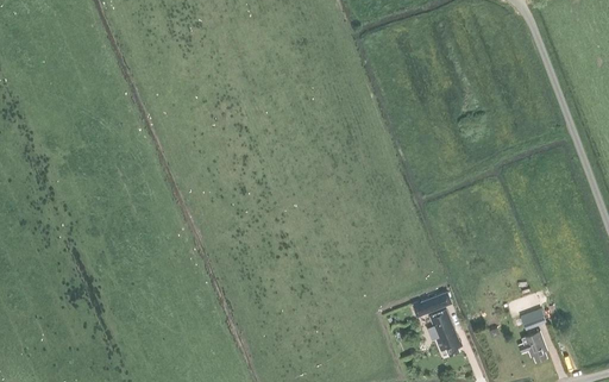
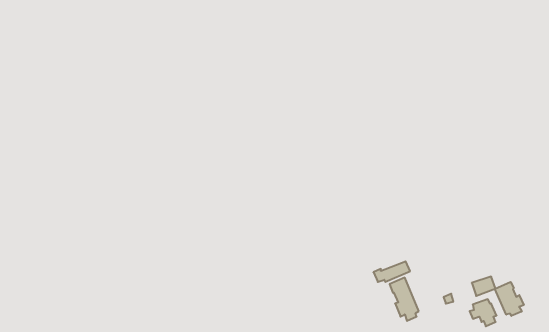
building: none -> [495,282,524,316]

